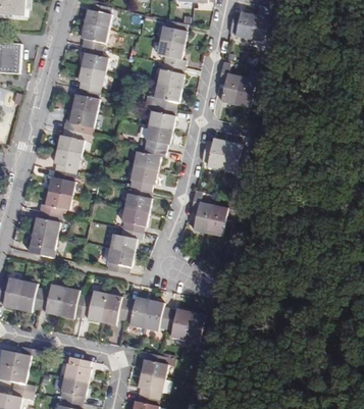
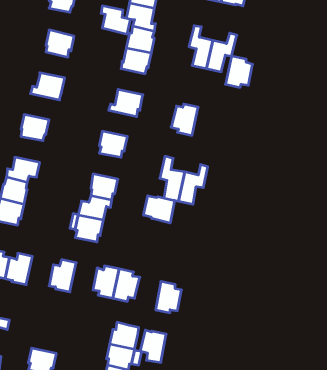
building: [80,45,108,72] -> [101,6,130,34]
building: [71,88,99,113] -> none
building: [148,104,174,130] -> none
building: [56,129,91,154] -> none
building: [220,142,247,172] -> [225,56,253,87]
building: [133,145,166,170] -> none
building: [47,170,74,196] -> none
building: [123,187,151,212] -> none
building: none -> [144,196,175,223]
building: [58,288,85,318] -> none
building: [101,294,127,325] -> none
building: [164,308,190,340] -> [140,330,166,362]
building: [63,357,91,382] -> none

